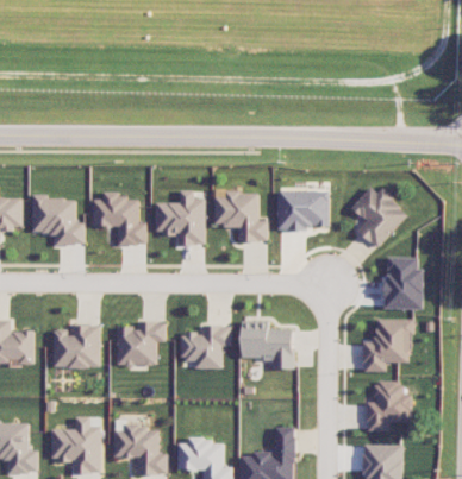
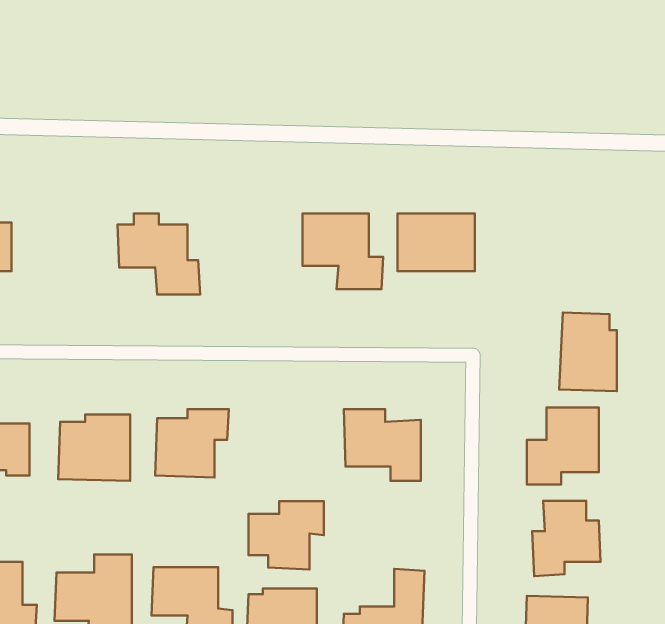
building: [350,183,407,248] -> none
building: [154,190,204,245] -> none
building: [31,195,83,245] -> none
building: [180,324,230,370] -> [249,501,324,569]

